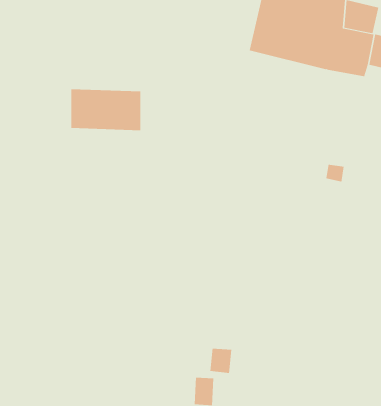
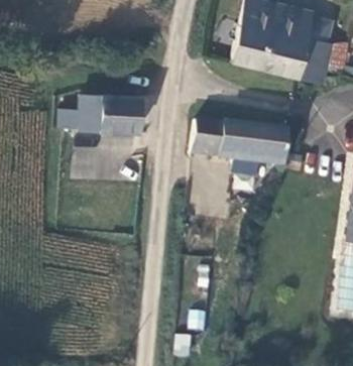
building: none -> [186,110,287,165]

